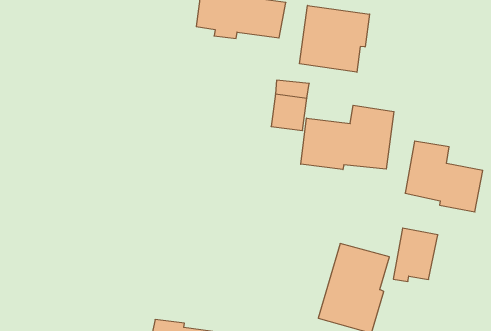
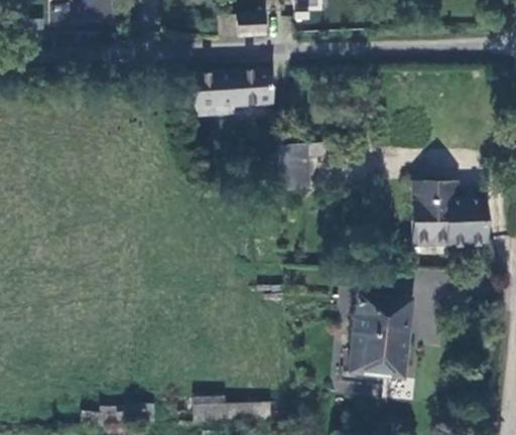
building: [300,5,370,72] -> none
building: [301,105,394,170] -> none

